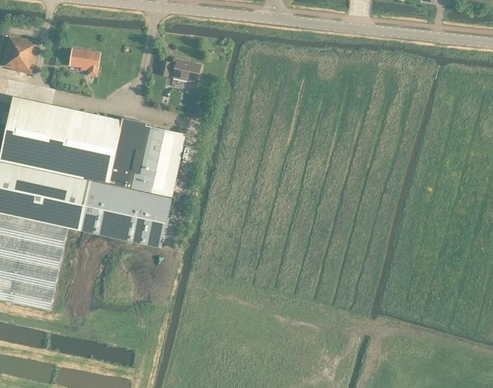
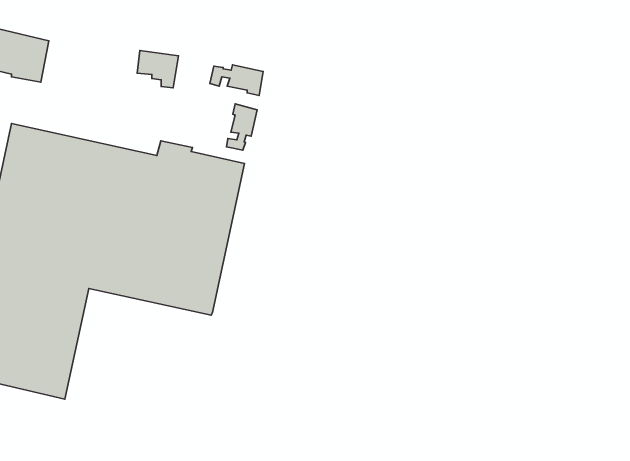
building: [69,47,100,75] -> [137,51,179,88]
building: none -> [227,104,257,150]

